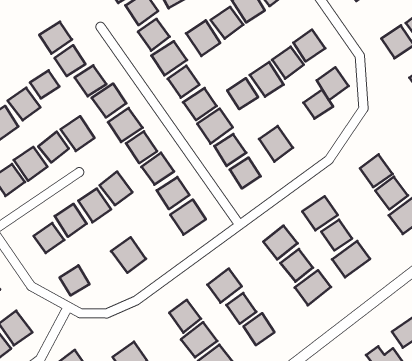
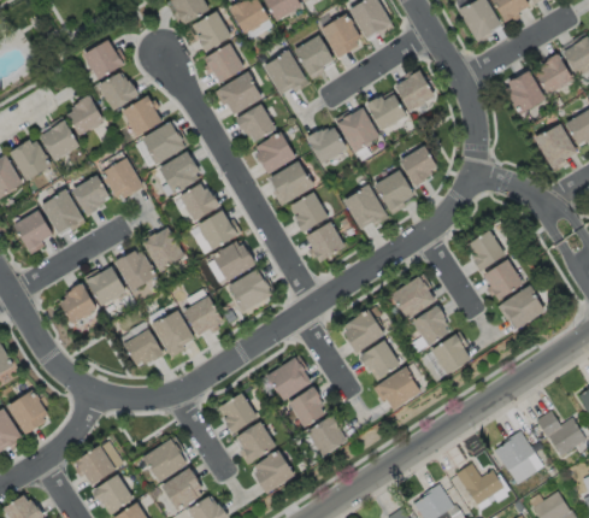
building: [317,67,349,100] -> [376,170,414,210]
building: none -> [185,296,224,334]
building: [60,265,89,295] -> [125,330,161,366]

